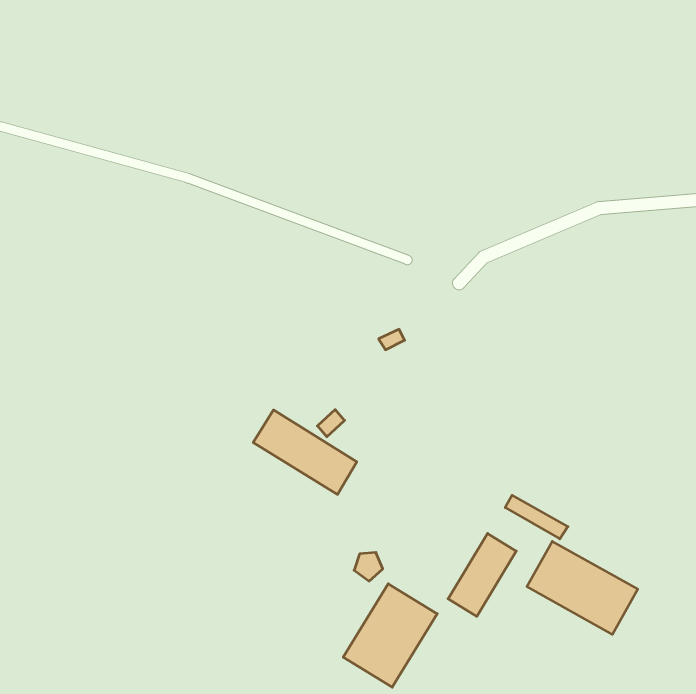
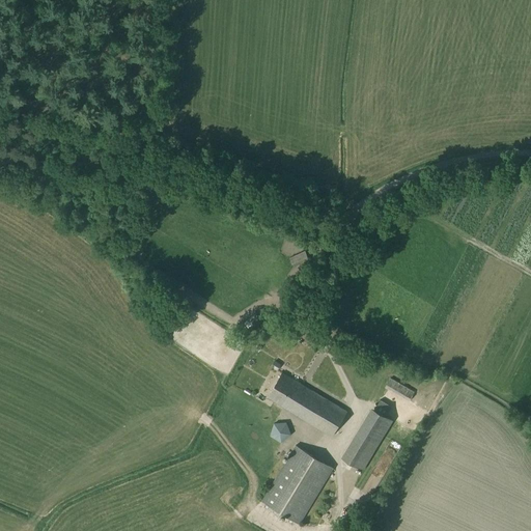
building: [253,410,357,494] -> [268,372,346,437]
building: [527,541,638,634] -> none

